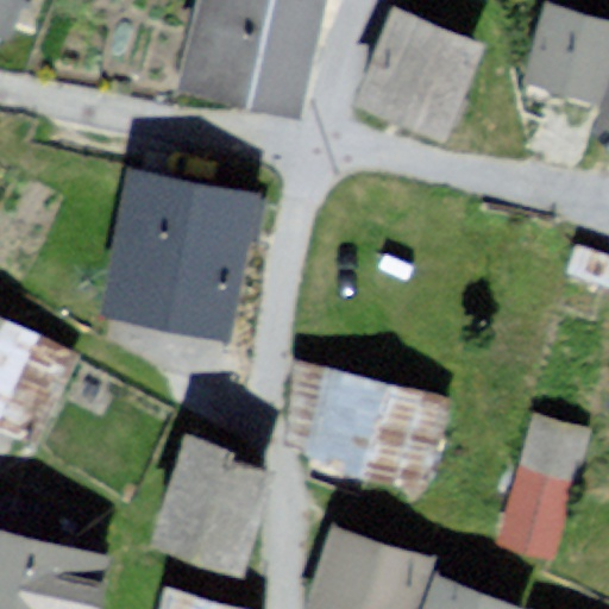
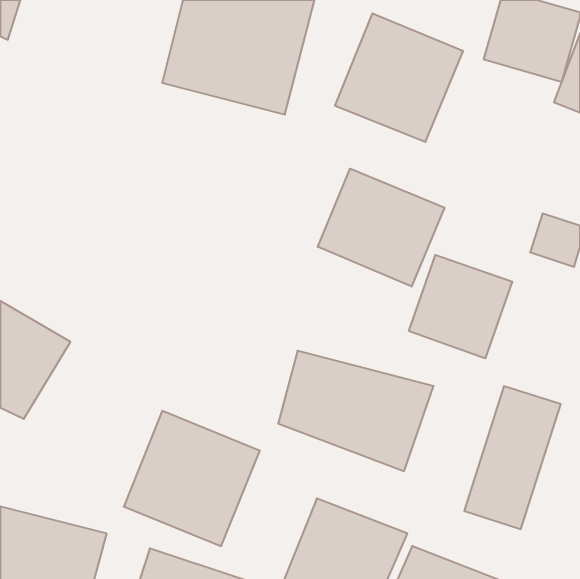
building: [99,168,274,341] -> none
building: none -> [318,169,445,287]
building: none -> [409,255,512,358]

